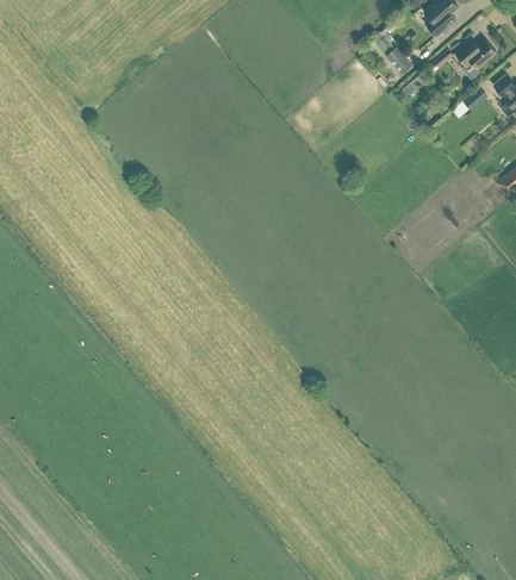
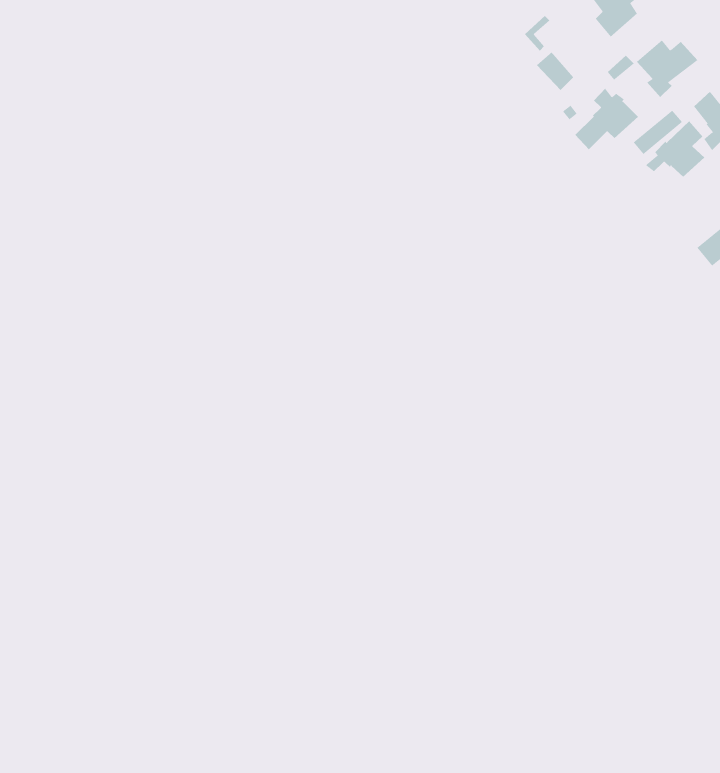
building: none -> [575,88,639,150]
building: none -> [645,121,705,177]

